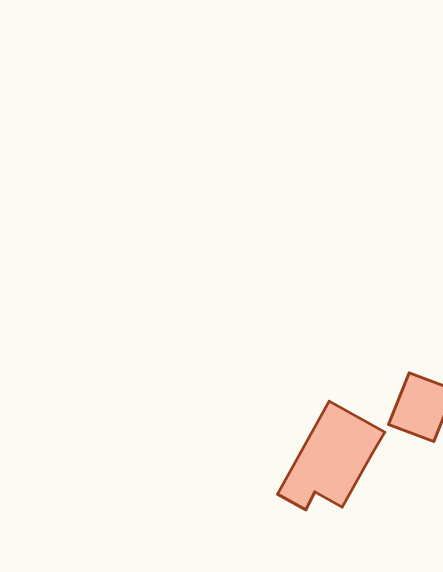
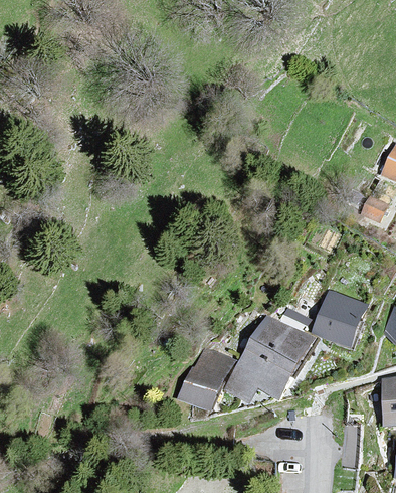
building: none -> [181,349,231,408]

